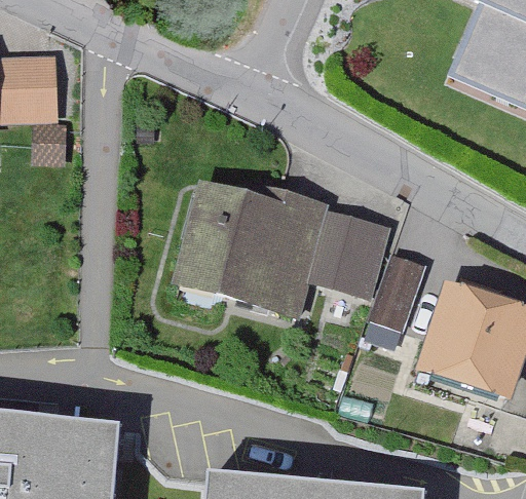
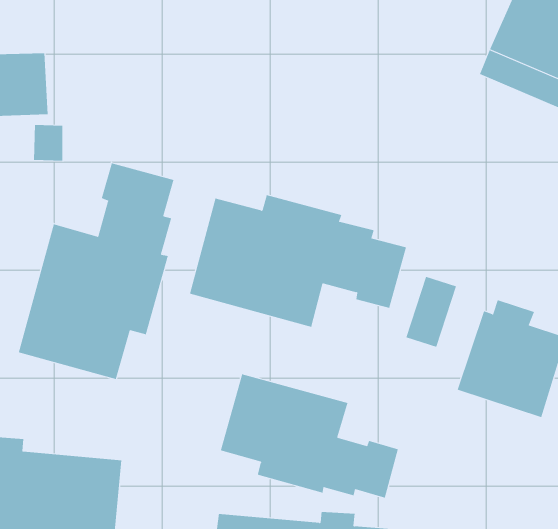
building: none -> [18,162,174,380]
building: none -> [220,373,399,498]

